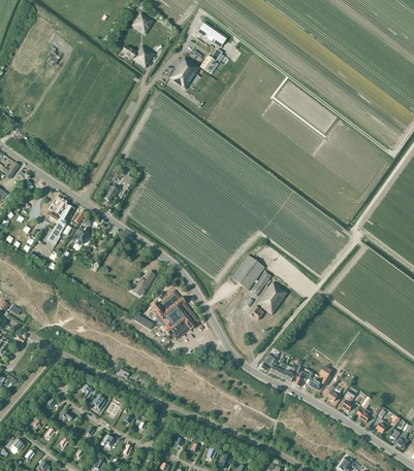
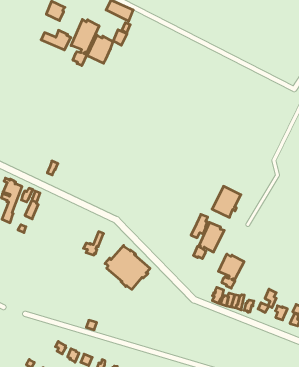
building: none -> [71,19,99,66]
building: [230,255,264,290] -> [212,186,241,217]
building: none -> [218,254,244,288]

